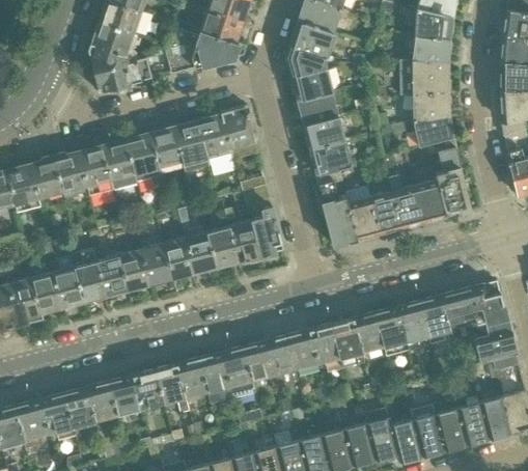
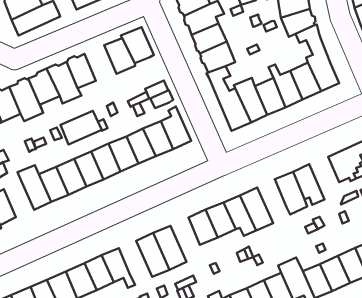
building: [173,121,207,164] -> none
building: none -> [60,111,102,144]
building: [52,268,84,308] -> none
building: [419,296,451,345] -> none
building: [353,312,384,353] -> none
building: [243,341,274,382] -> none
building: [177,359,209,398] -> none

